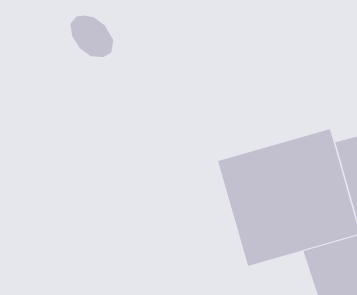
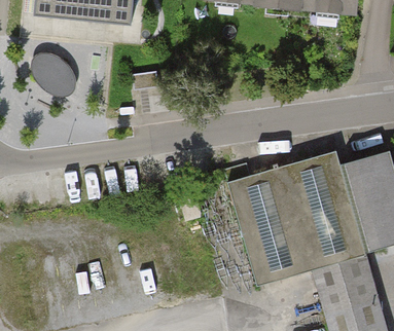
building: [70,15,114,58] -> [33,52,77,95]

